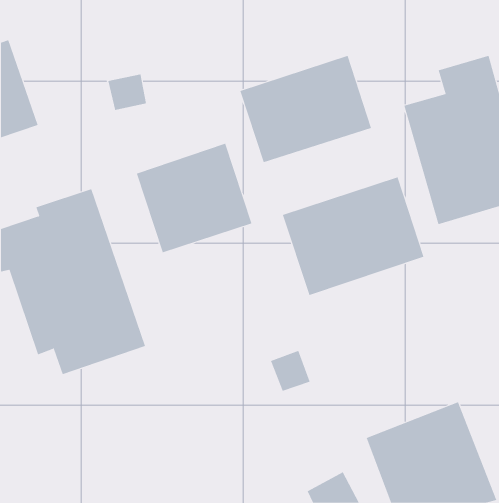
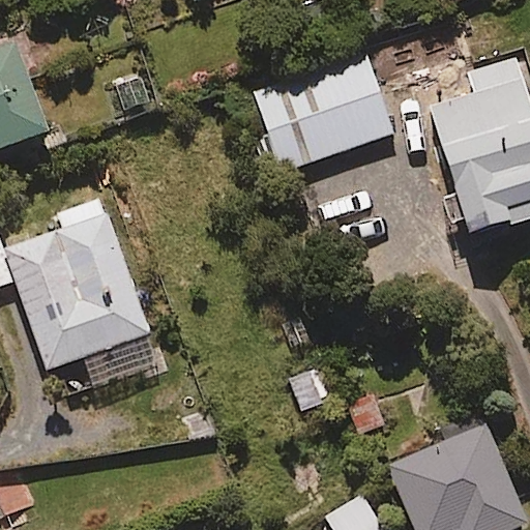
building: [136,143,252,253] -> none
building: [282,177,424,296] -> none

